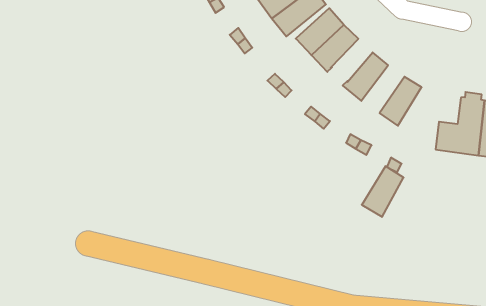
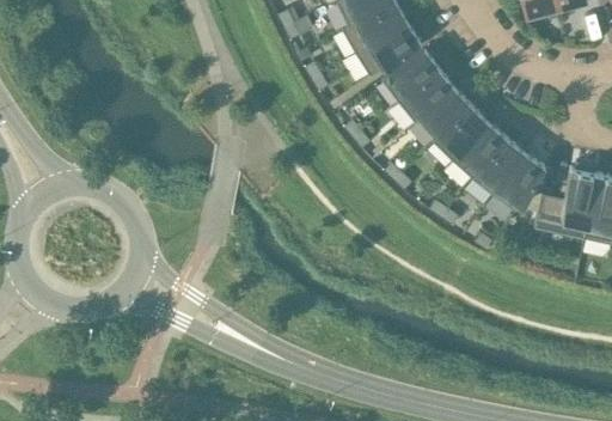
building: none -> [420,87,471,138]
building: none -> [452,122,506,178]
building: [362,166,404,217] -> [492,152,545,212]

